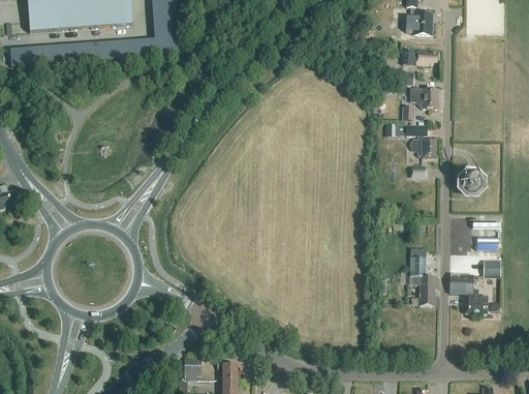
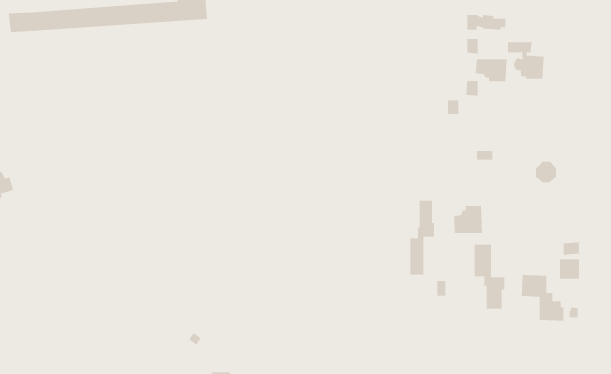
building: [406,125,438,157] -> [507,42,544,79]
building: none -> [410,200,434,275]
building: none -> [454,205,482,234]

